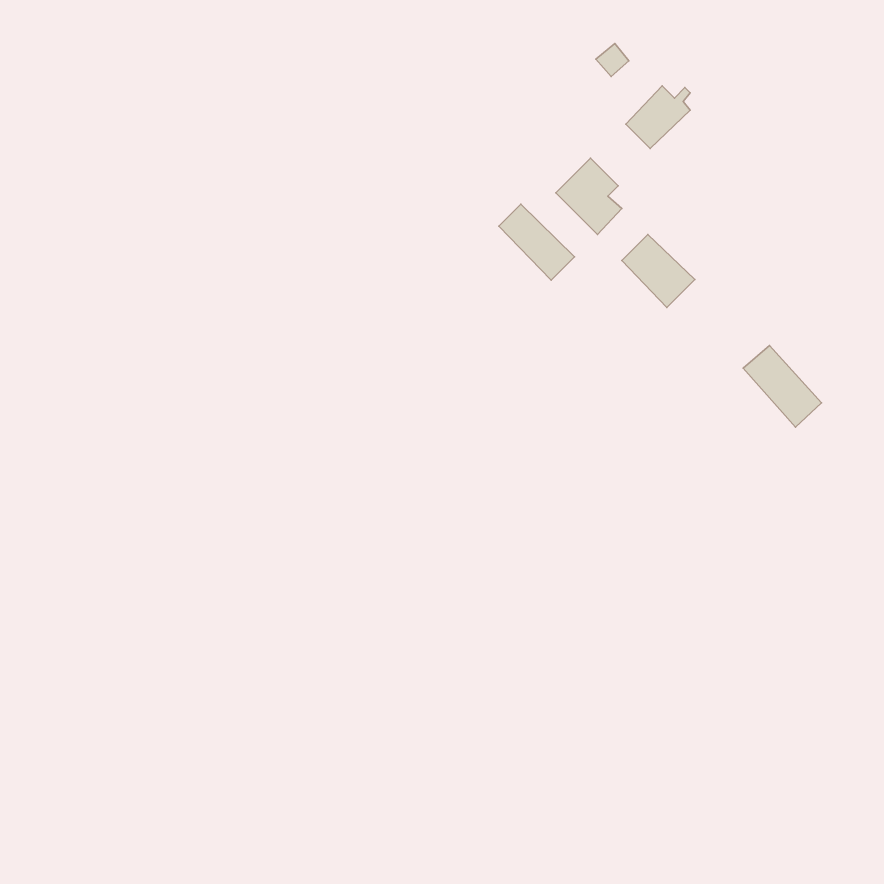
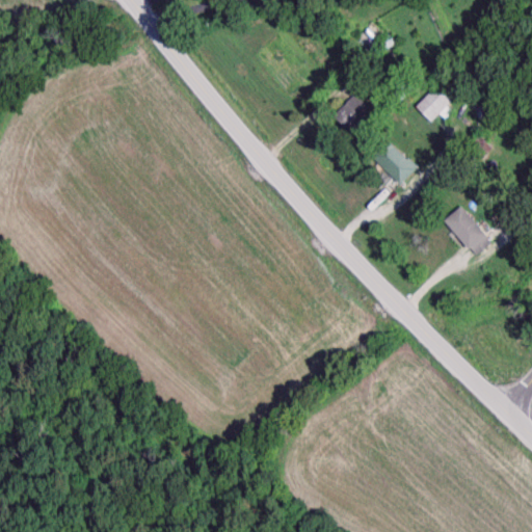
building: [626,86,690,148] -> [415,83,453,121]
building: [499,204,575,280] -> none

